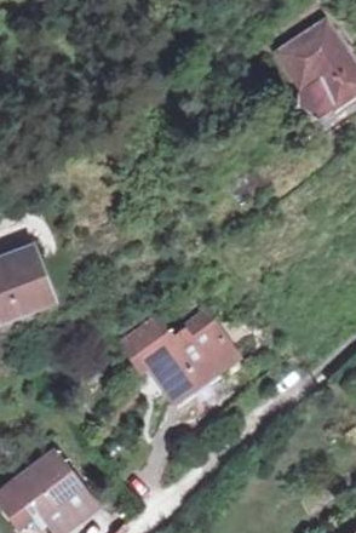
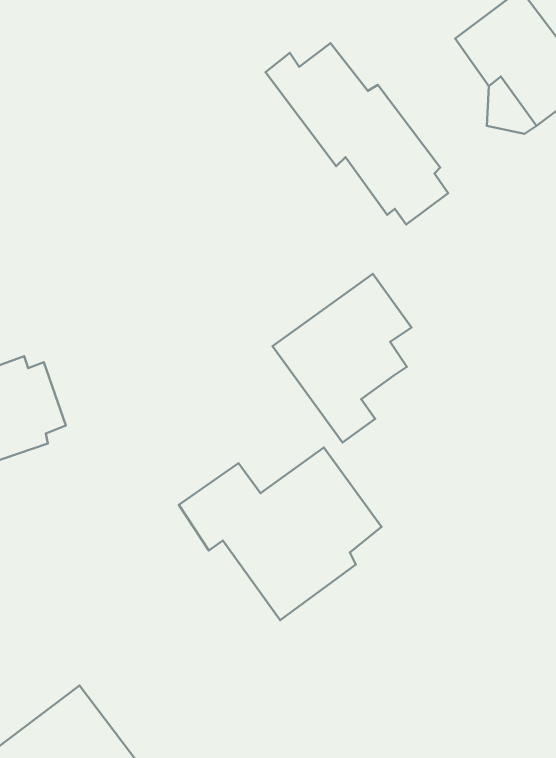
building: none -> [265,43,448,224]
building: none -> [273,274,412,443]

